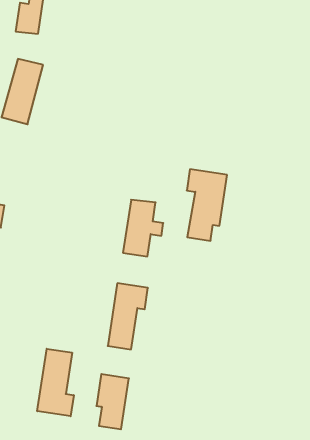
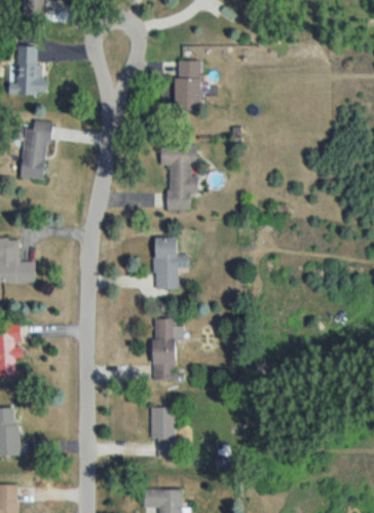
building: none -> [175,61,200,111]
building: [187,169,227,241] -> [160,145,196,210]
building: [37,349,74,416] -> none

